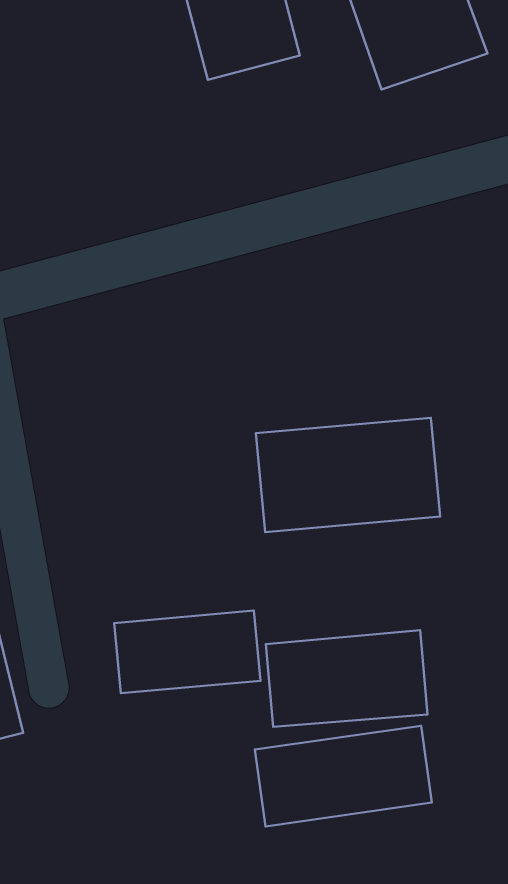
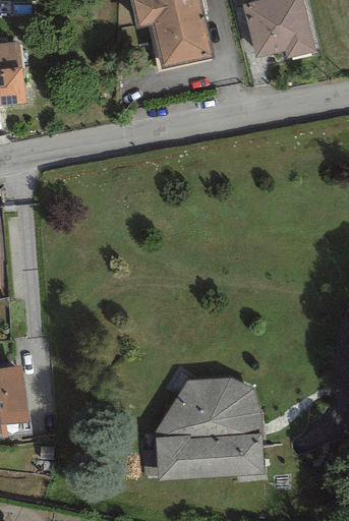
building: [256,418,440,532] -> none
building: [114,611,260,693] -> none

